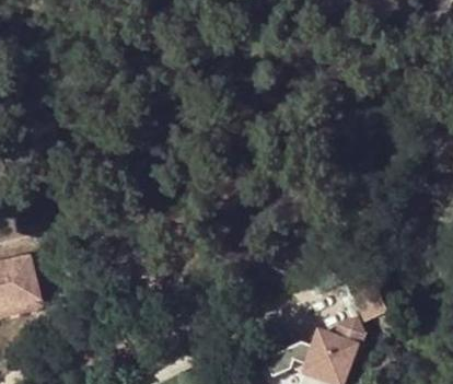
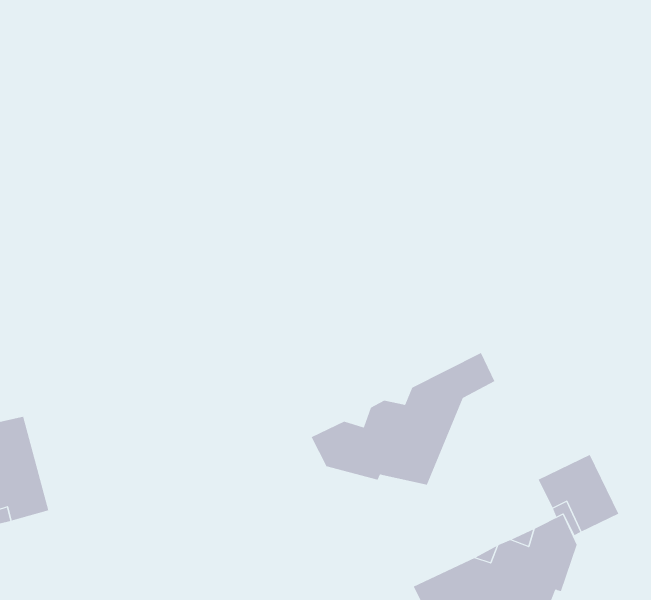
building: none -> [311,352,495,486]

